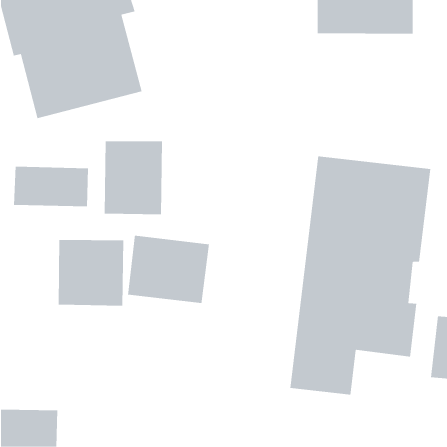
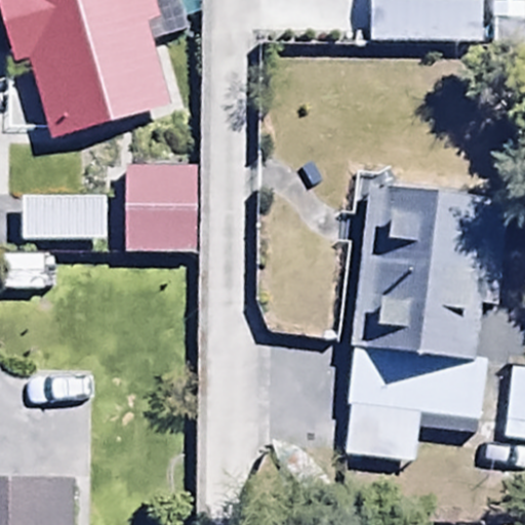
building: [128,235,209,304] -> none
building: [58,239,124,306] -> none

